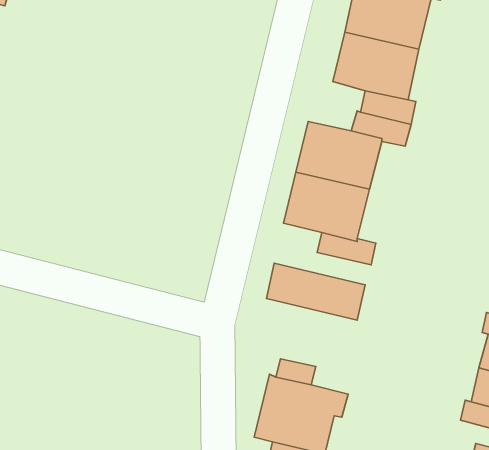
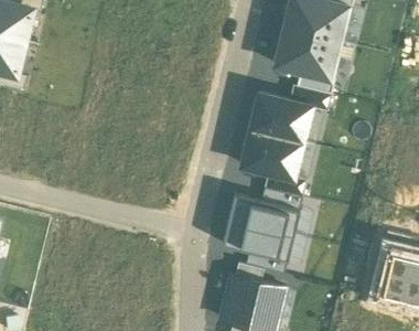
building: none -> [222,221,293,261]

